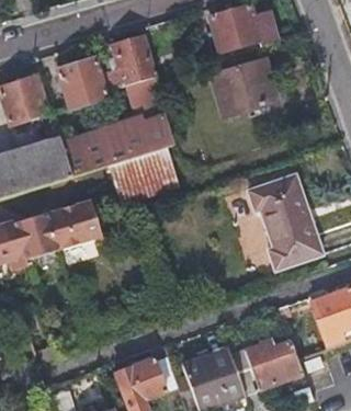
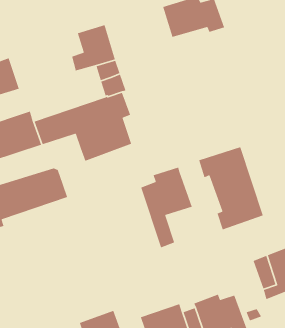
building: [208,59,275,116] -> none
building: [59,60,107,107] -> none
building: none -> [140,166,193,249]

